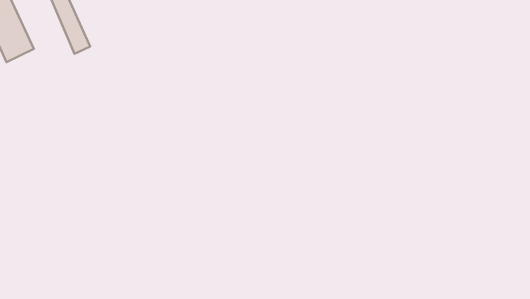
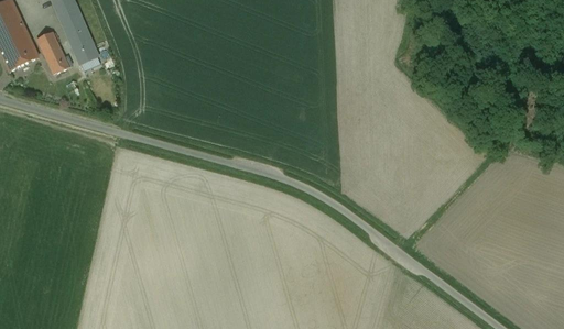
building: none -> [35,31,68,73]

